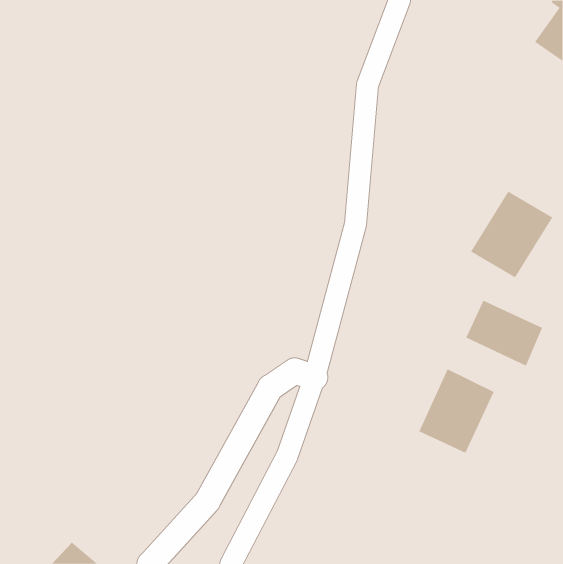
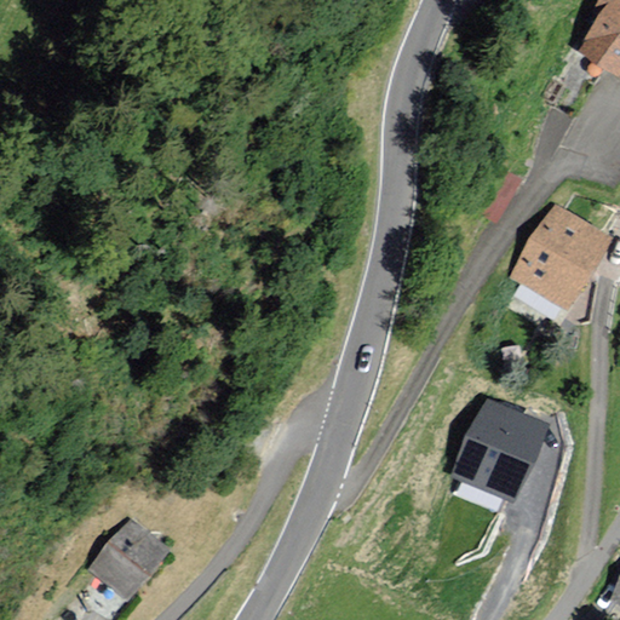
building: [465,300,543,366] -> none
building: none -> [92,523,163,596]

